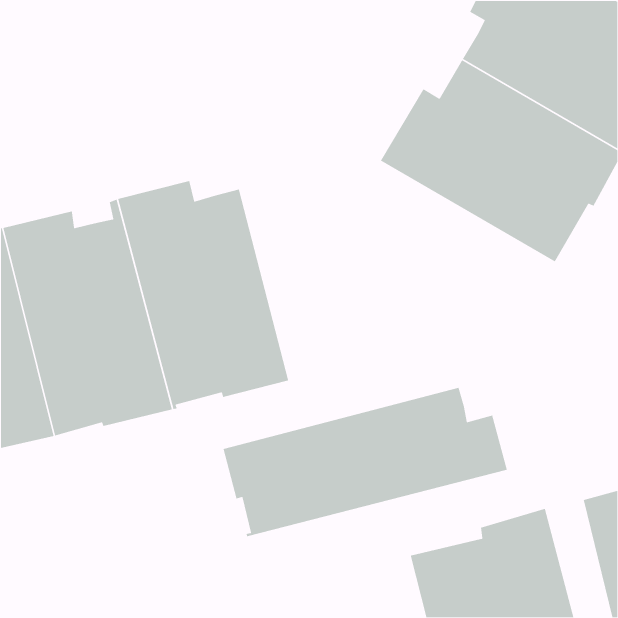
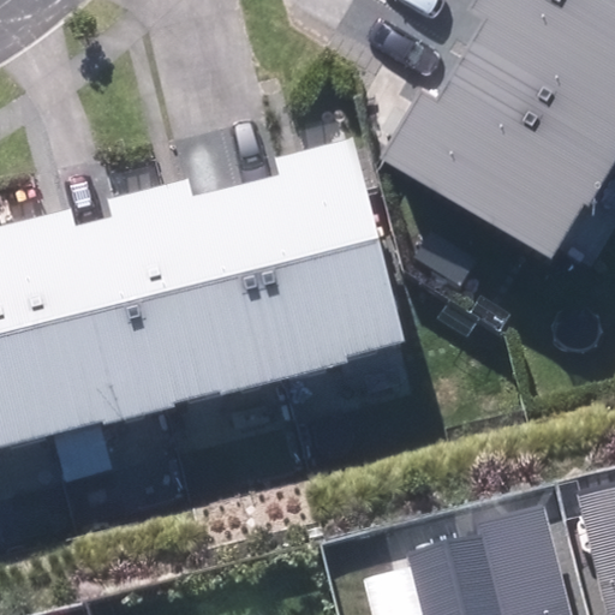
building: none -> [238,138,407,378]
building: [222,387,508,537] -> none

